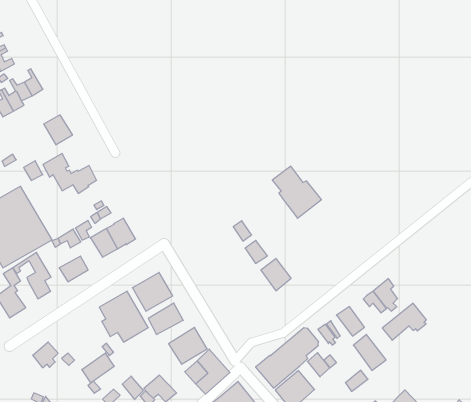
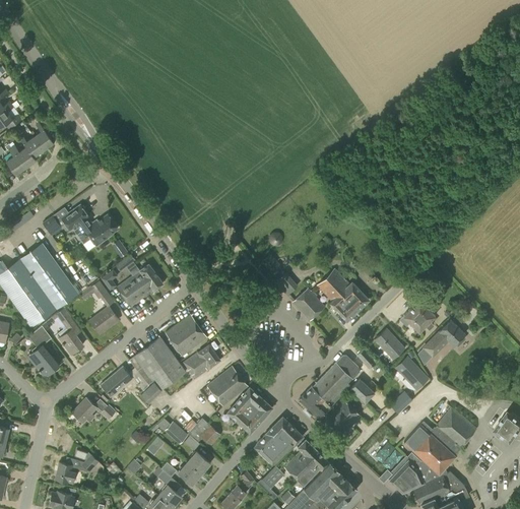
building: [44,115,72,145] -> none
building: [272,166,321,218] -> [317,269,369,321]
building: [82,353,114,383] -> [100,366,132,397]

